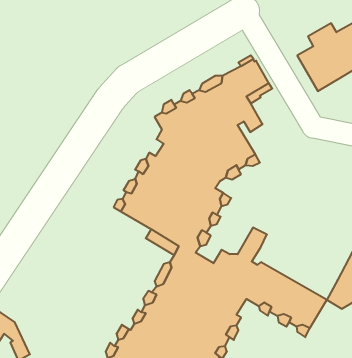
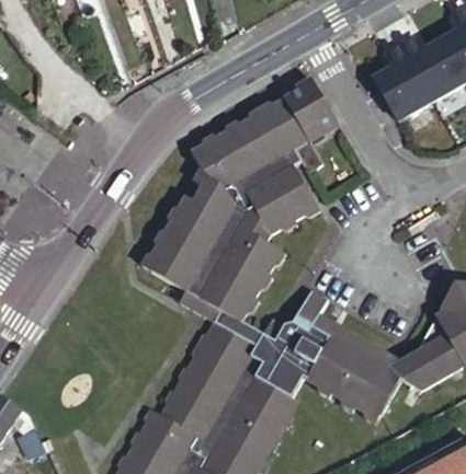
building: none -> [311,314,417,379]

